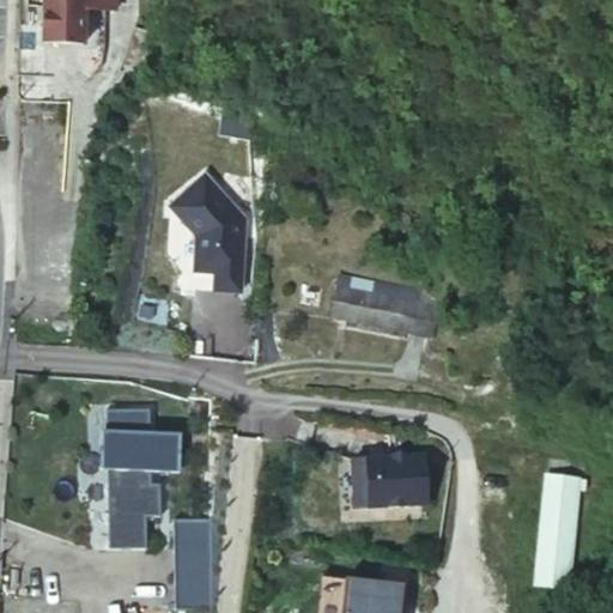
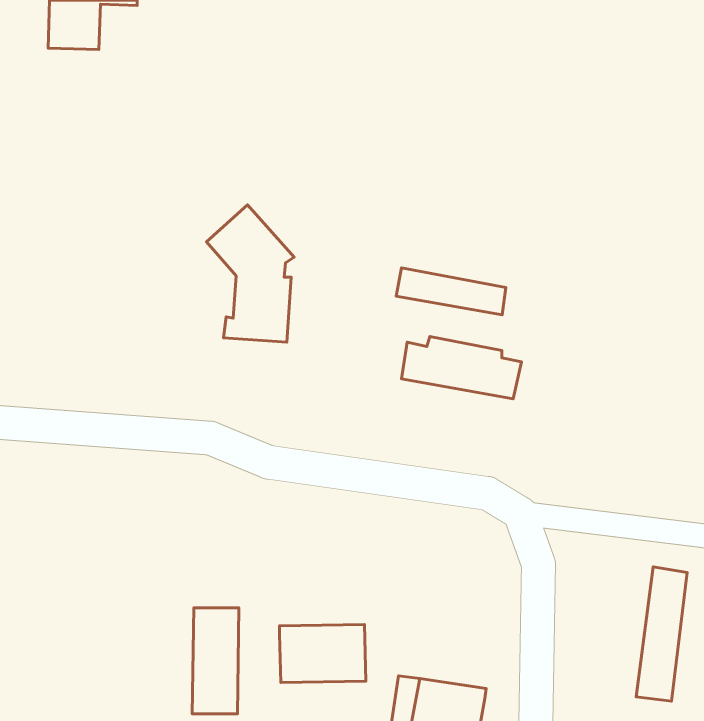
building: none -> [396,268,506,315]
building: [95,405,175,545] -> none
building: [359,456,432,505] -> [280,624,366,682]

